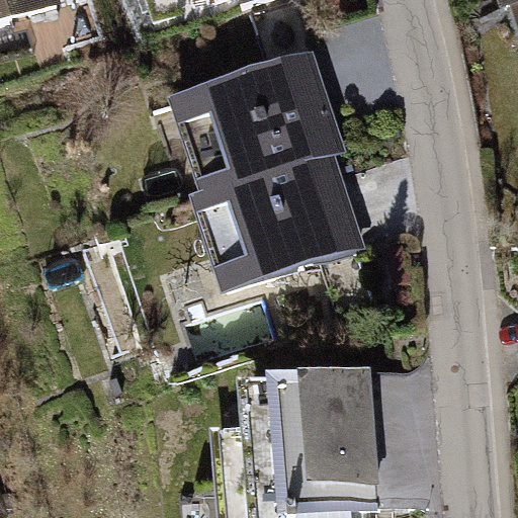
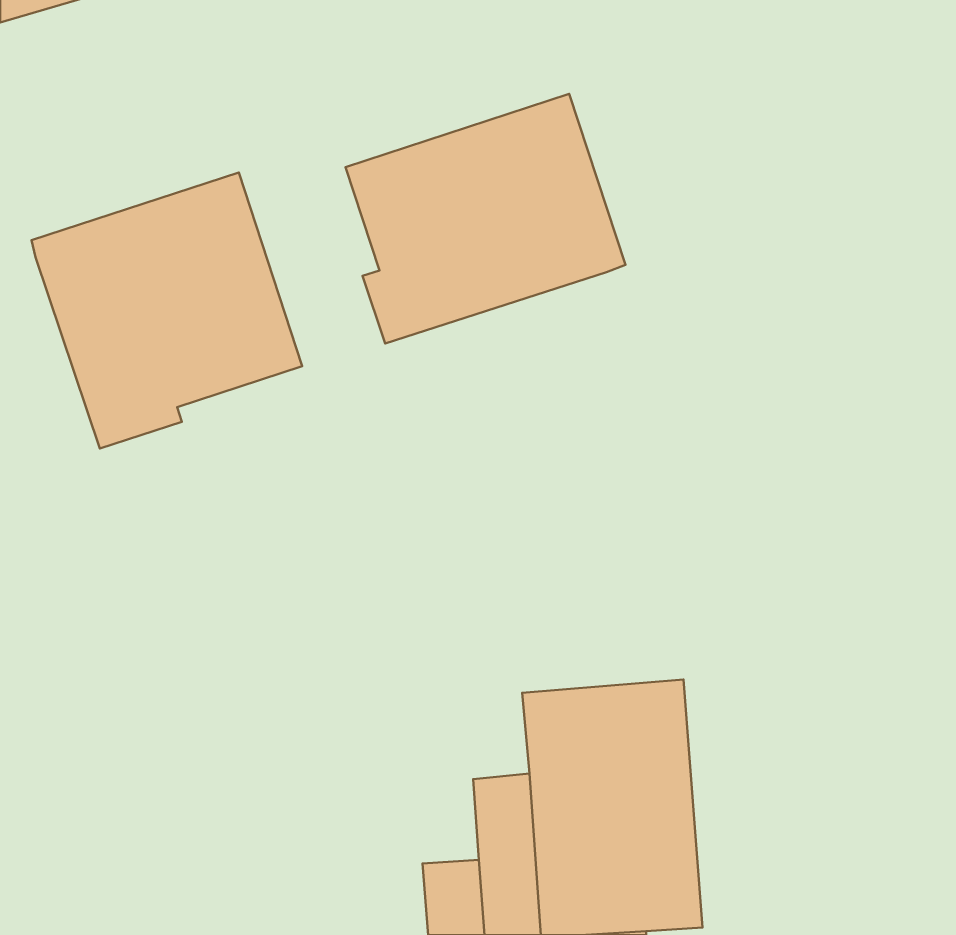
building: none -> [32,172,302,448]
building: [199,147,359,280] -> none

